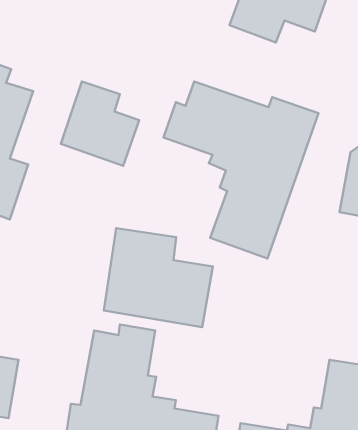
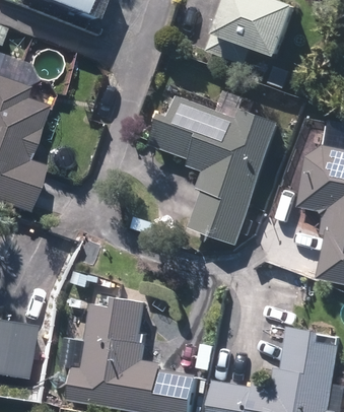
building: [61,82,139,166] -> none
building: [104,228,213,327] -> none

